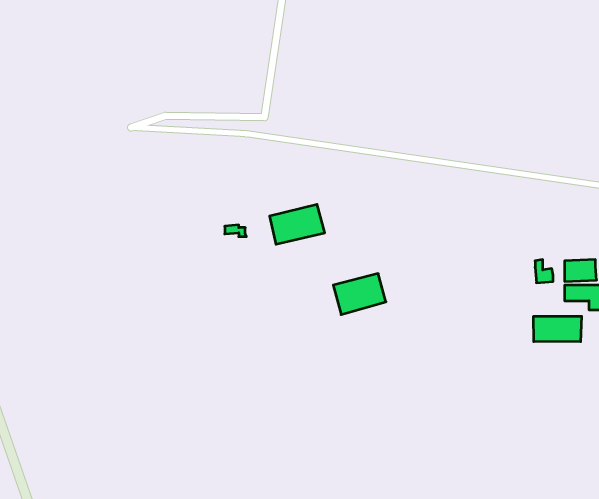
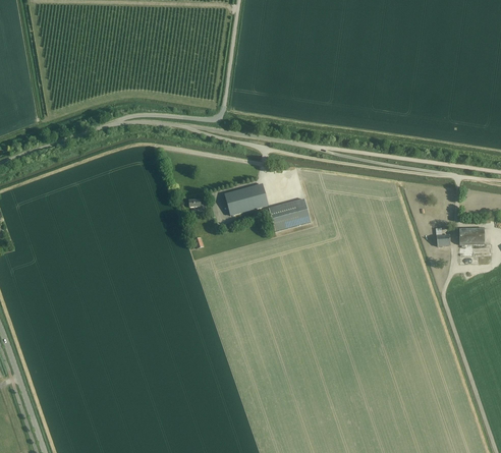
building: [333,274,386,315] -> [268,197,310,230]
building: [534,316,582,342] -> none

